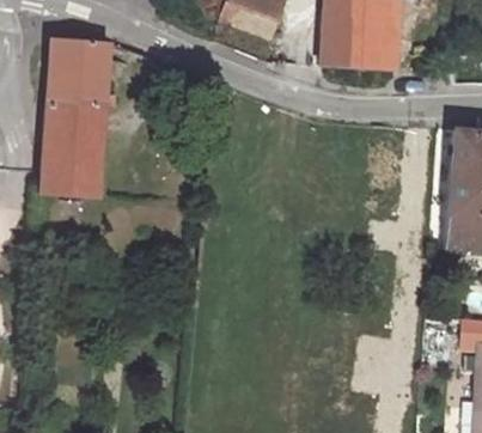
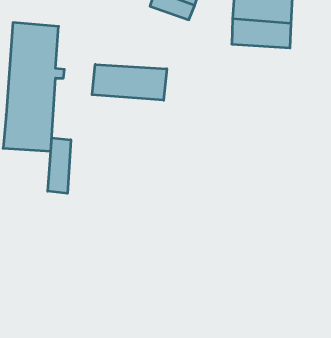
building: none -> [92,64,167,100]
building: none -> [48,138,71,193]

